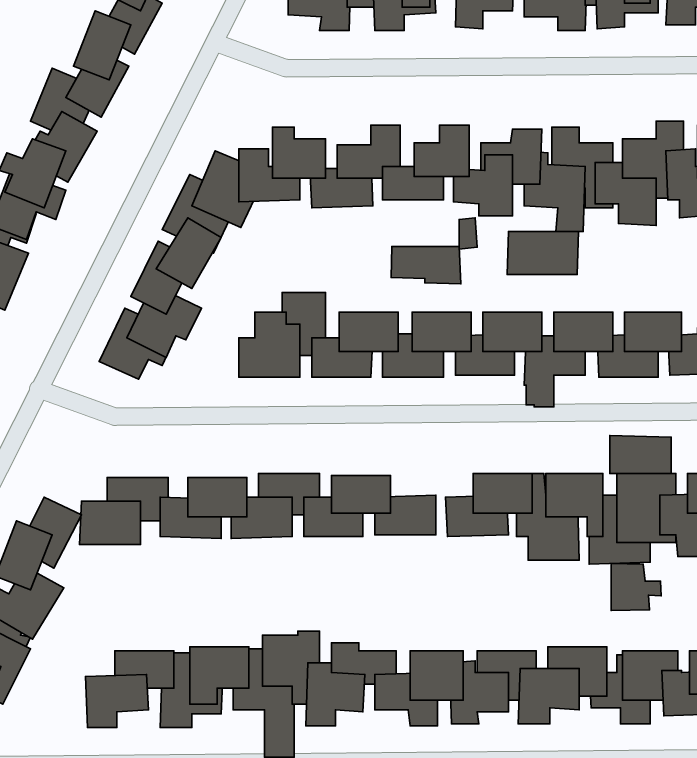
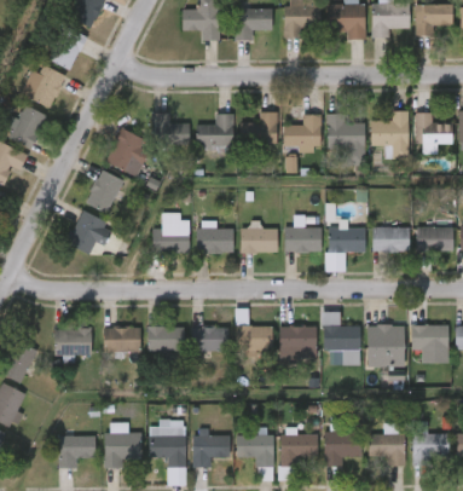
building: [507,231,579,274] -> none
building: [391,247,461,284] -> none
building: [610,435,671,474] -> none
building: [611,564,661,611] -> none

